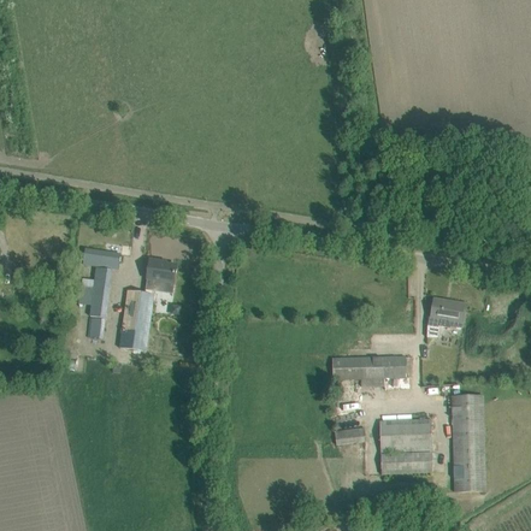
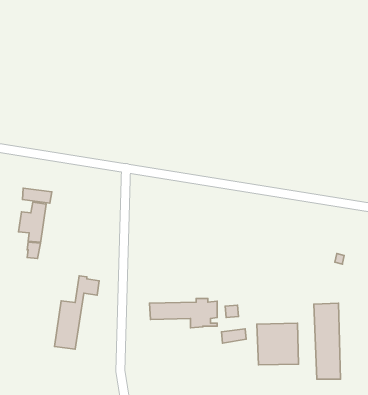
building: [118,258,175,350] -> [54,276,99,349]
building: [426,297,465,326] -> none
building: [331,352,417,389] -> [150,298,217,328]

